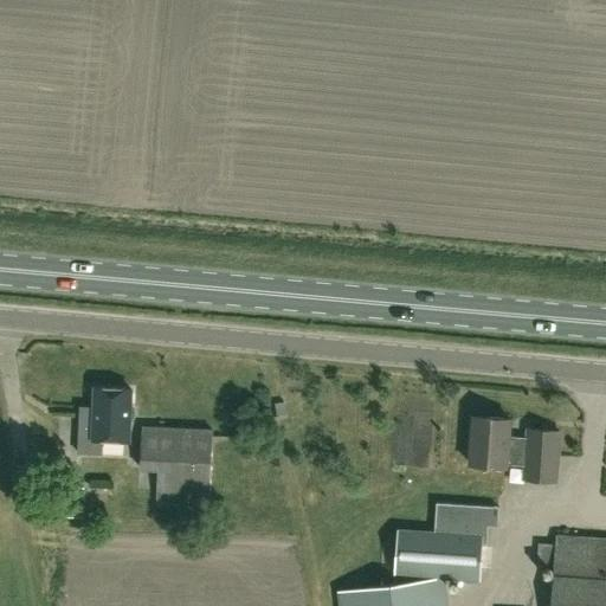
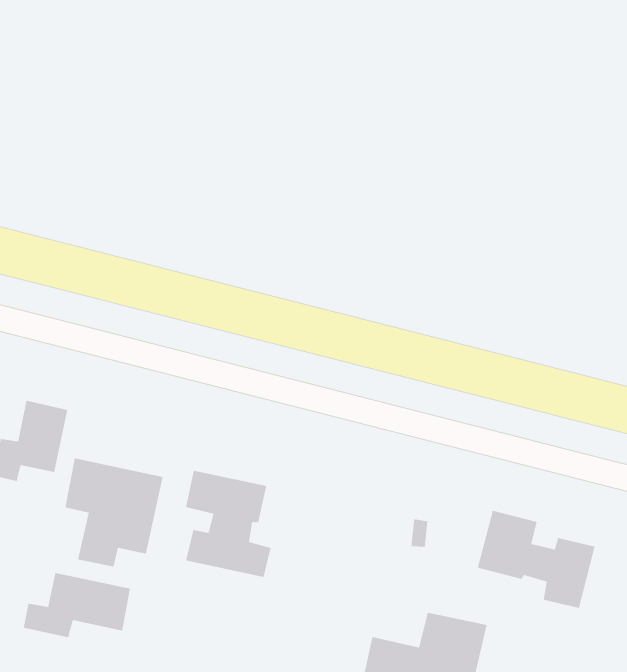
building: none -> [185,470,272,578]
building: none -> [23,572,131,638]

